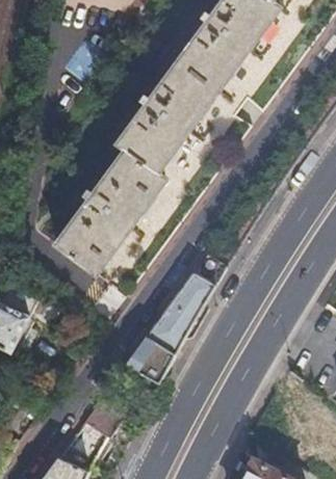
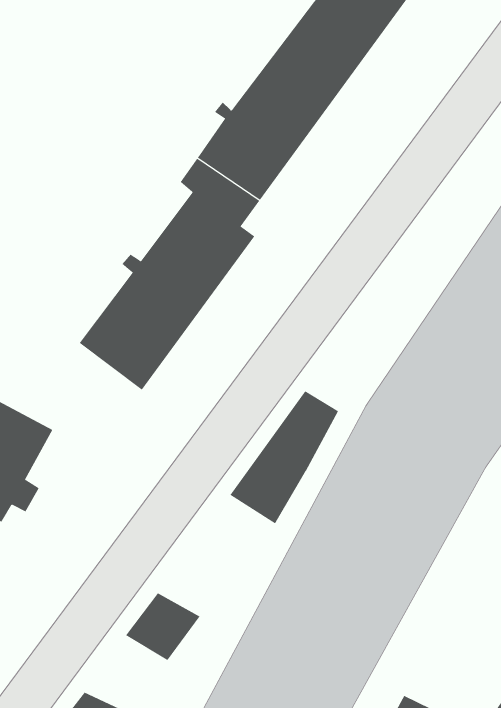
building: [126,337,176,384] -> none

